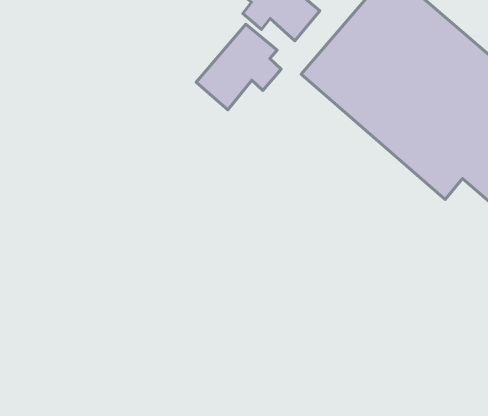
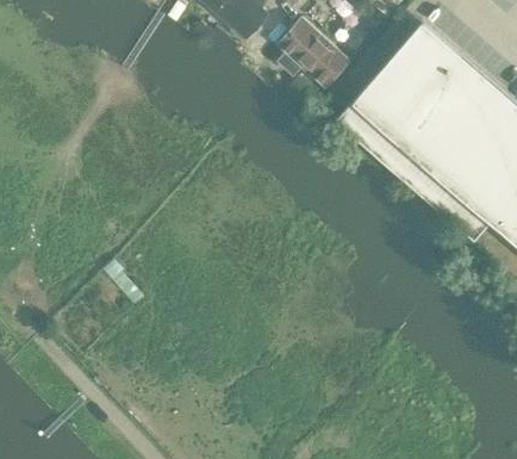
building: [196,24,281,110] -> none

